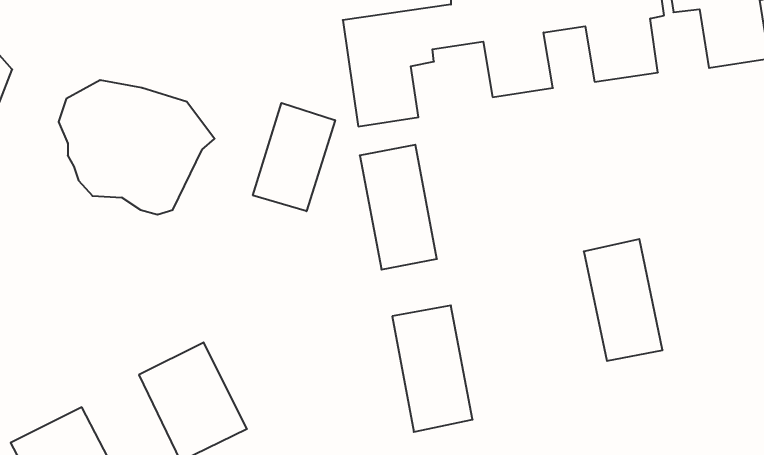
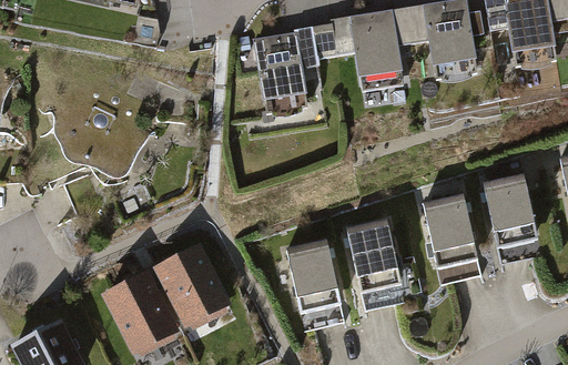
building: [253,103,335,211] -> none
building: [360,145,437,270] -> [349,220,405,310]
building: none -> [488,173,542,262]
building: none -> [156,241,235,326]

